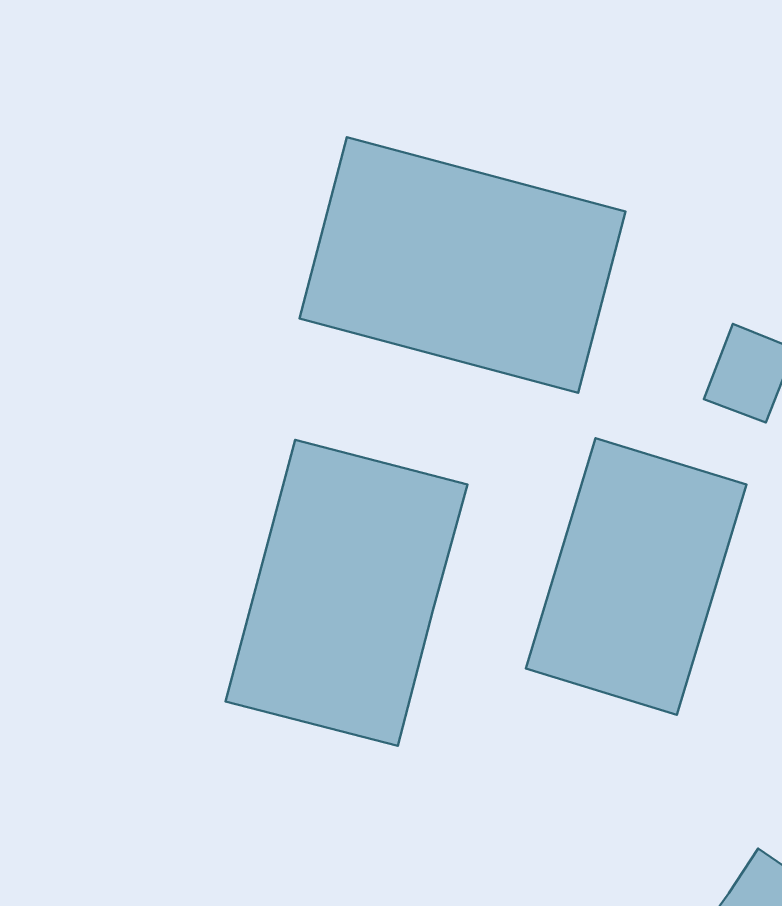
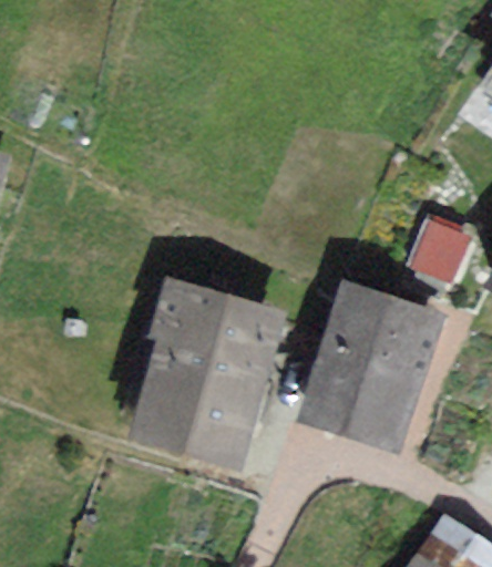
building: [299,137,626,393] -> none

